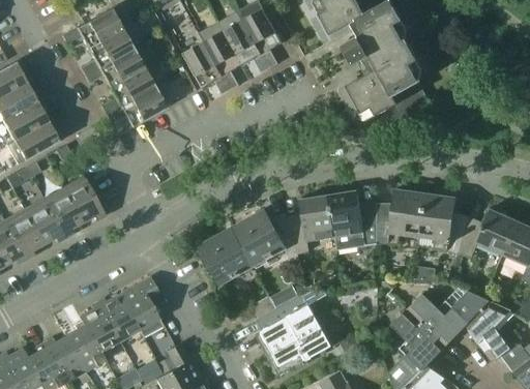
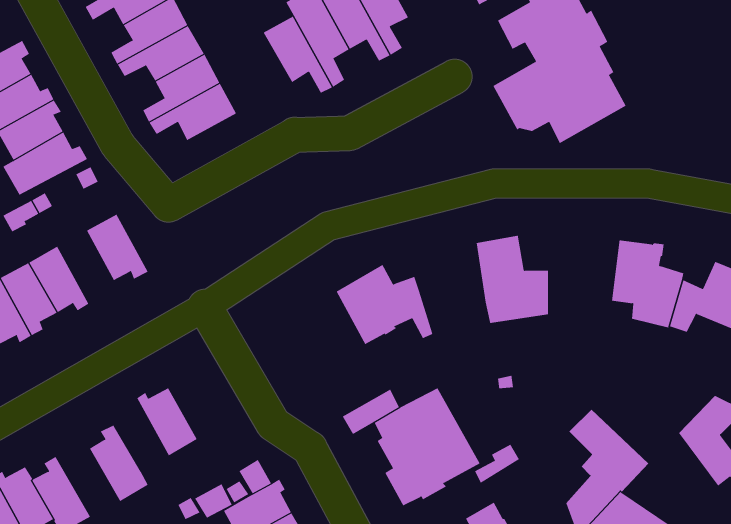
building: [43,187,82,237] -> none
building: [378,188,425,244] -> none
building: [290,196,334,255] -> none
building: [200,229,253,282] -> none
building: [119,276,164,336] -> none
building: [407,290,491,346] -> none
building: [79,301,119,351] -> none
building: [42,335,86,382] -> none

